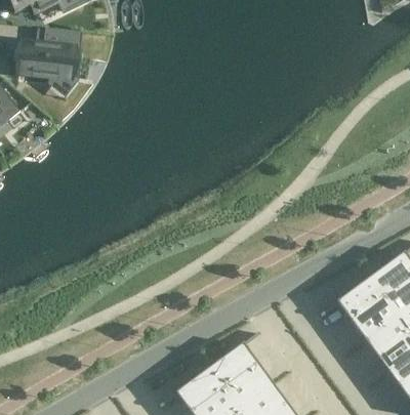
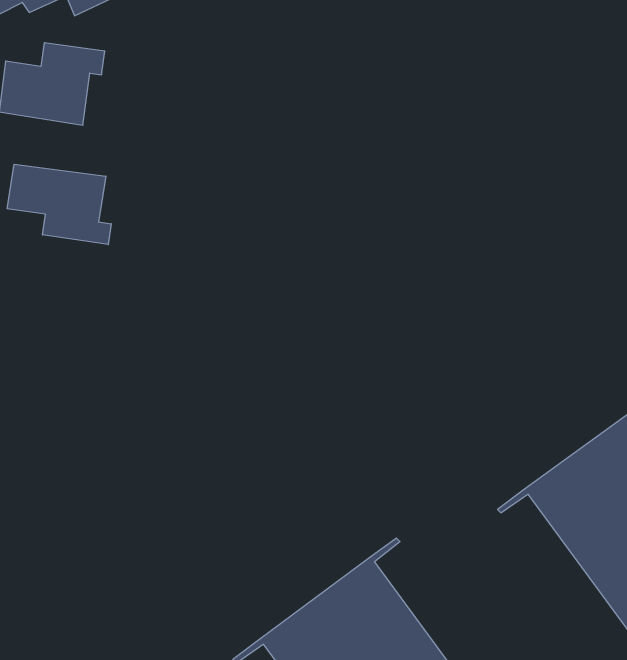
building: none -> [7,164,111,245]

